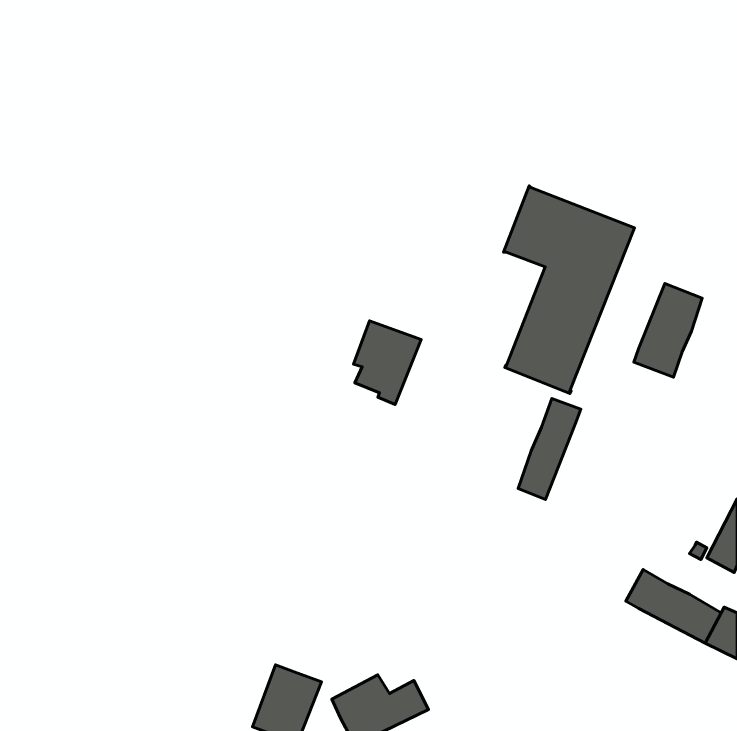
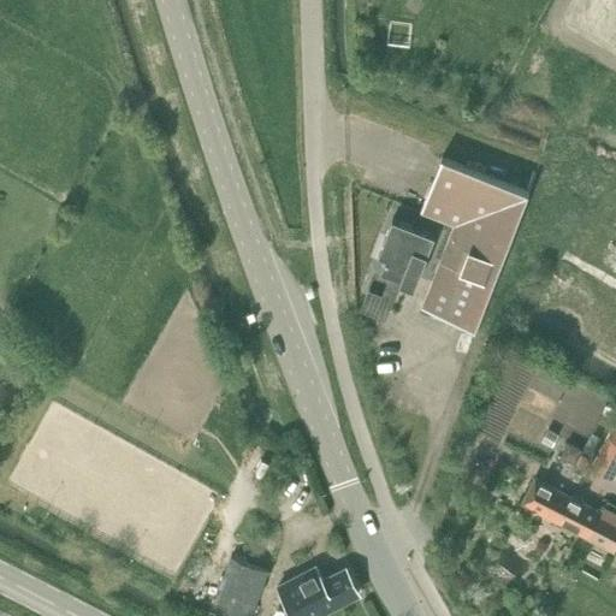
building: [634,283,702,377] -> none
building: [353,321,421,404] -> [379,223,436,292]
building: [518,398,581,499] -> none

